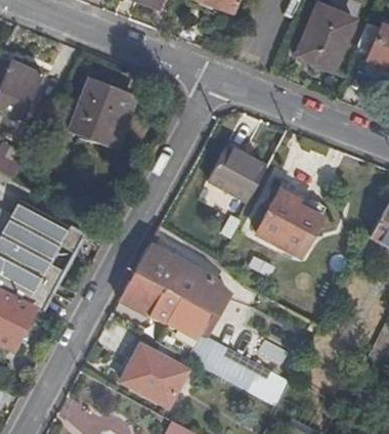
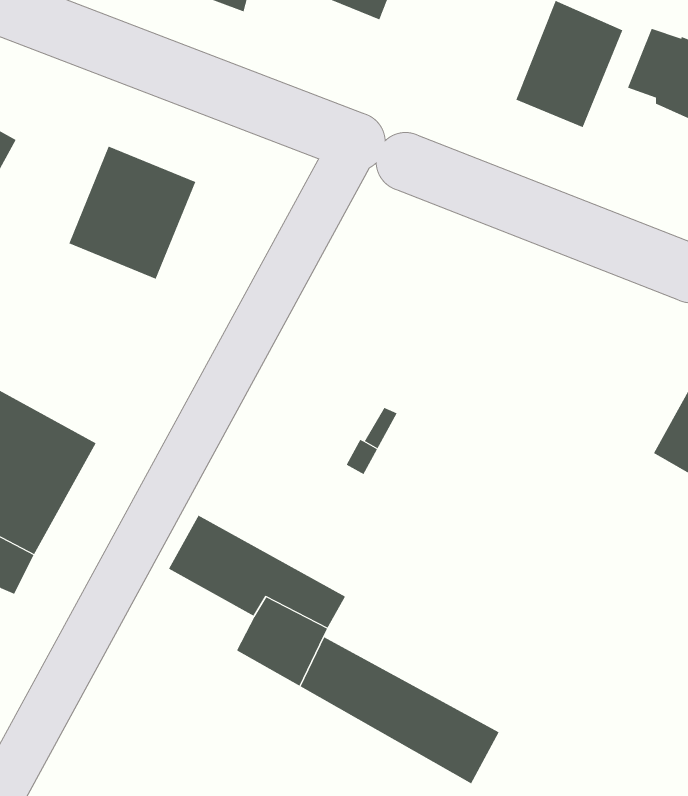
building: [206,143,266,201] -> none
building: [255,189,317,254] -> none
building: [136,244,223,312] -> none
building: [122,344,189,406] -> none

